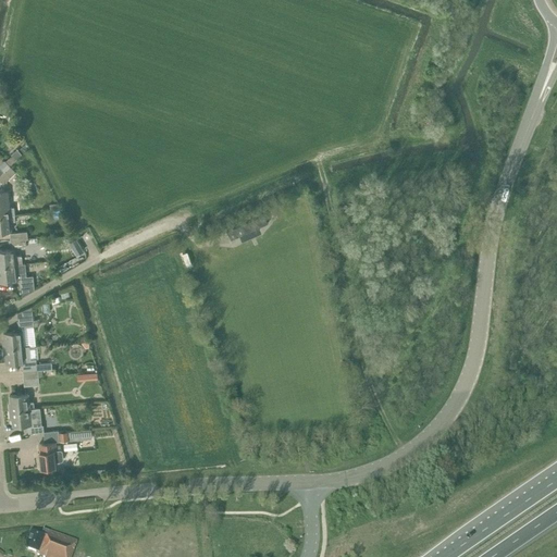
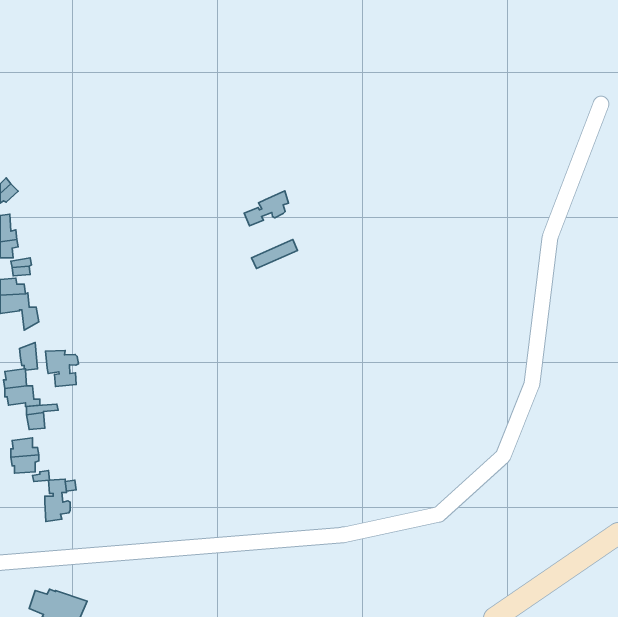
building: none -> [244,191,289,226]
building: none -> [46,351,78,386]

